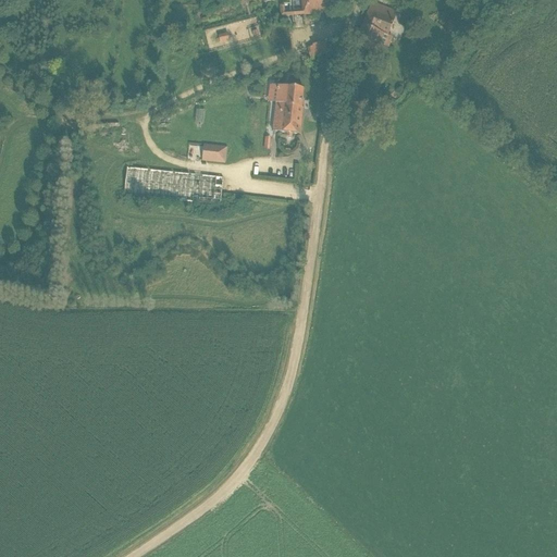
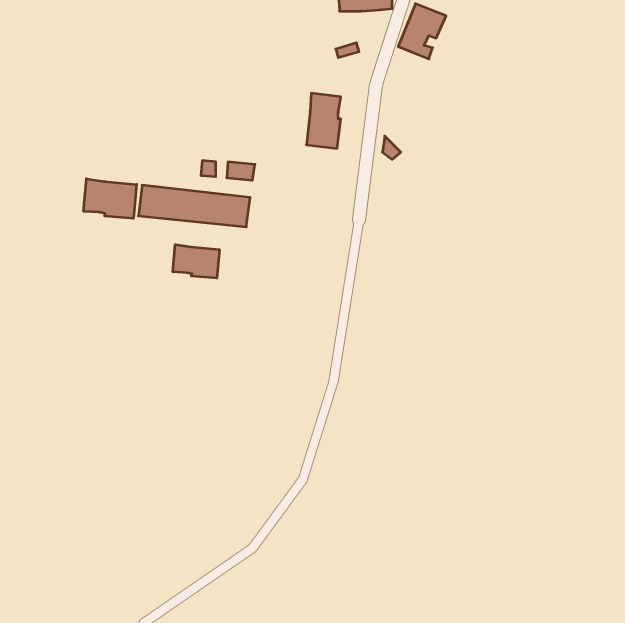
building: none -> [84,179,137,218]
building: none -> [173,245,219,278]

